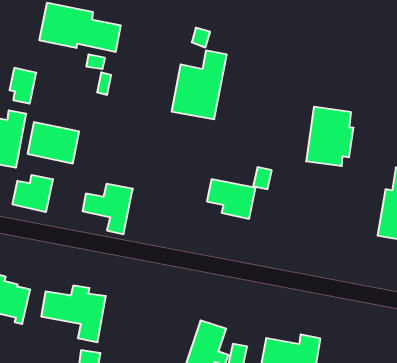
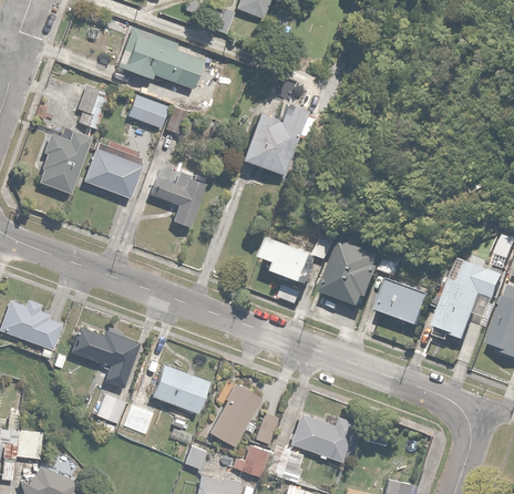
building: none -> [128,94,168,127]
building: [306,107,354,166] -> [323,240,379,307]
building: [13,175,53,212] -> none
building: [82,184,133,234] -> [150,172,206,227]
building: none -> [377,280,429,327]
building: none -> [138,361,208,413]

